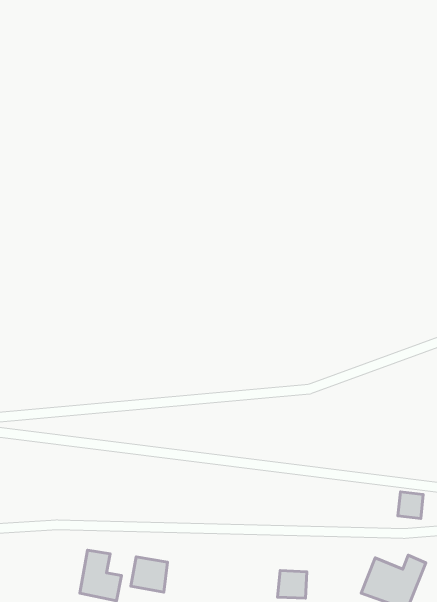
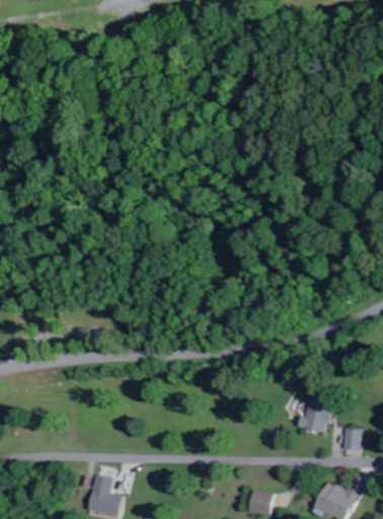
building: none -> [298,396,330,431]
building: [131,557,167,592] -> none

